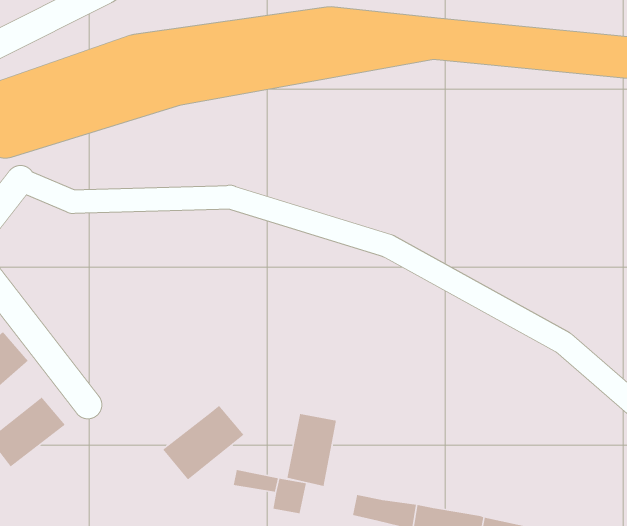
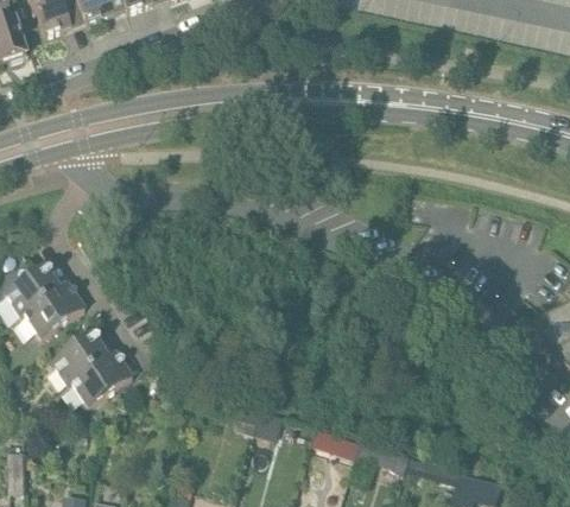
building: [162,405,245,481] -> [70,351,132,405]
building: [286,413,337,487] -> none

